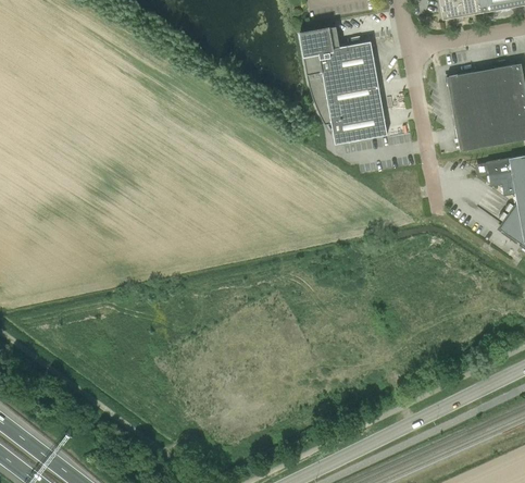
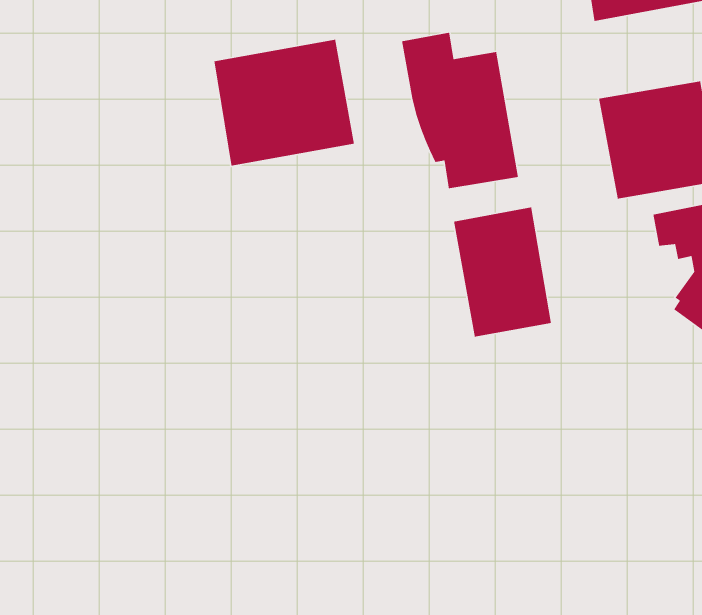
building: none -> [214,39,355,167]
building: none -> [453,207,552,338]

